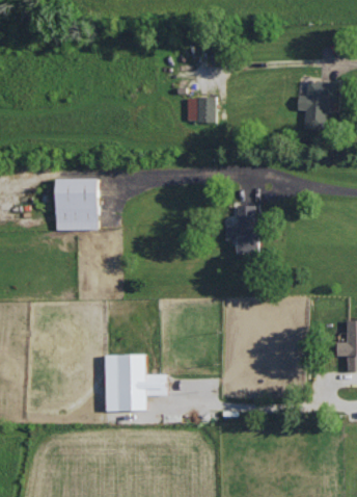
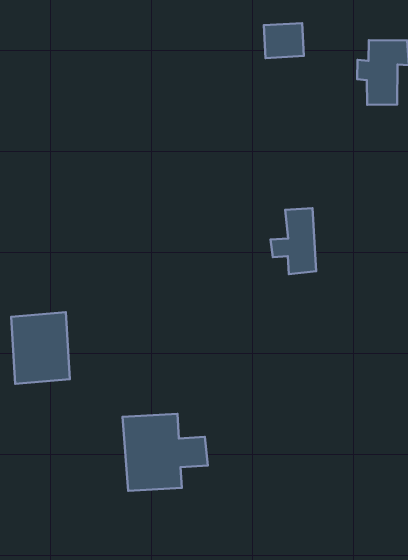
building: [187,98,216,123] -> [264,23,304,58]
building: [56,179,98,231] -> [11,312,70,384]

